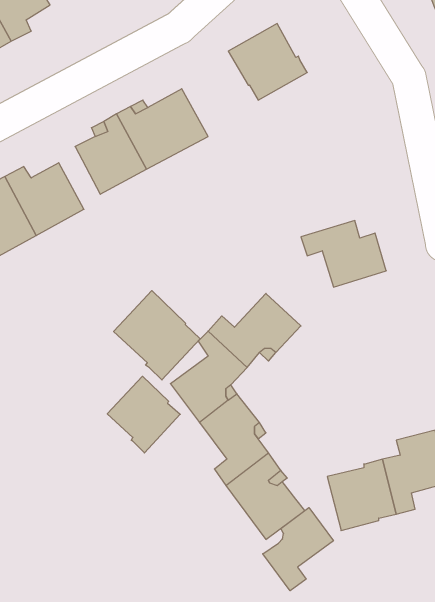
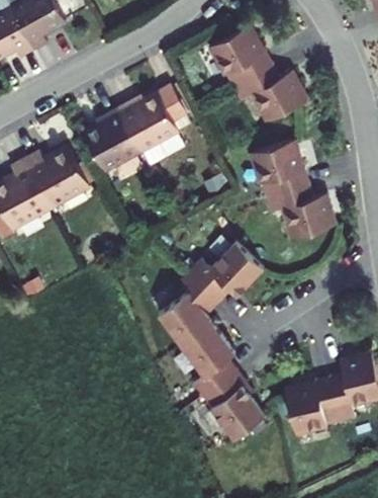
building: none -> [231,68,305,124]
building: none -> [251,144,309,200]
building: [114,291,200,380] -> none
building: [107,376,180,453] -> none
building: [263,508,333,591] -> none

